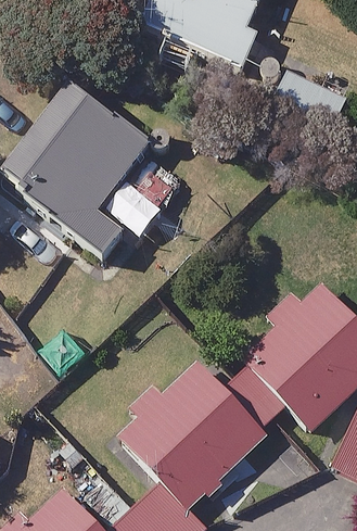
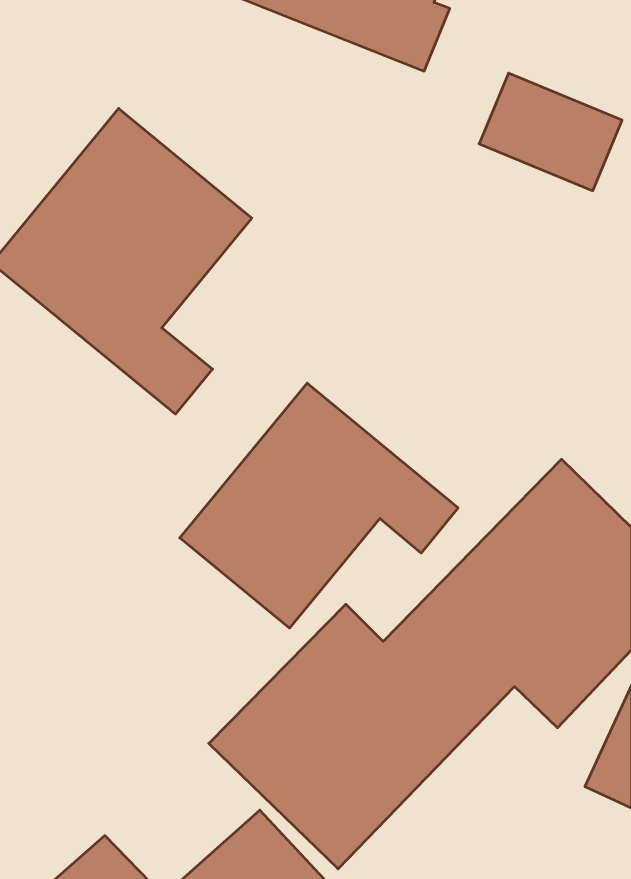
building: none -> [180,383,458,628]

